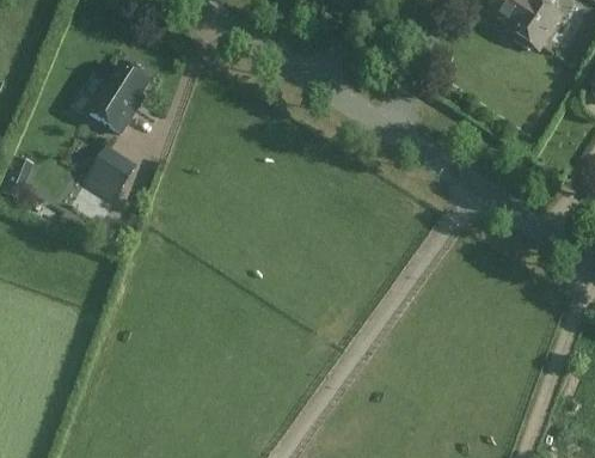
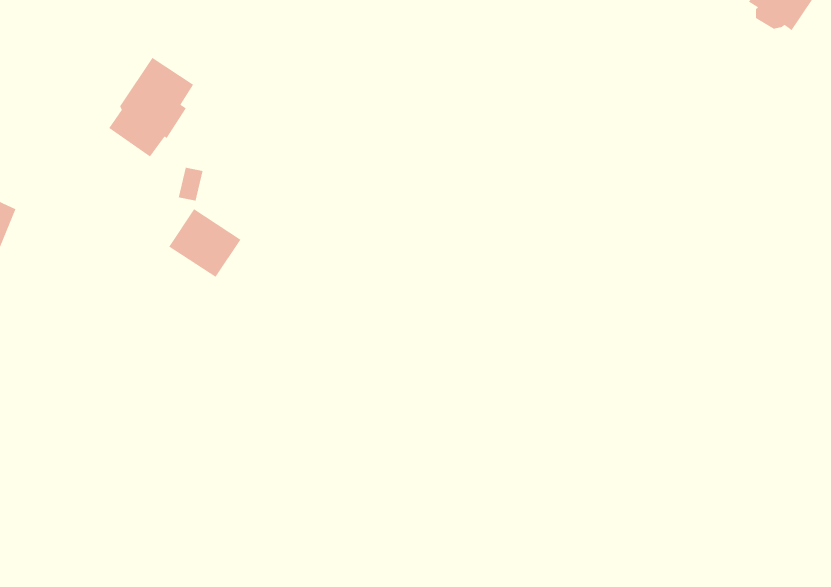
building: [90,149,137,195] -> [168,208,241,278]

